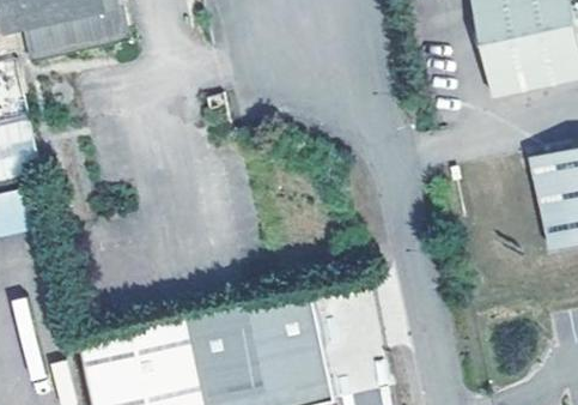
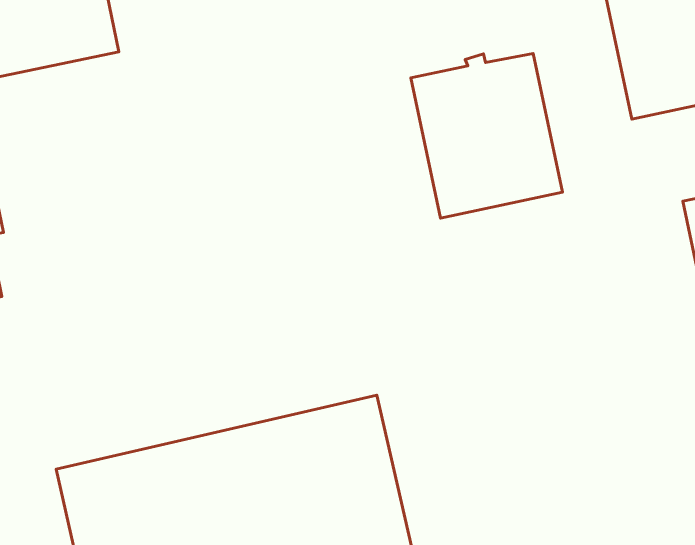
building: none -> [411,53,562,218]

